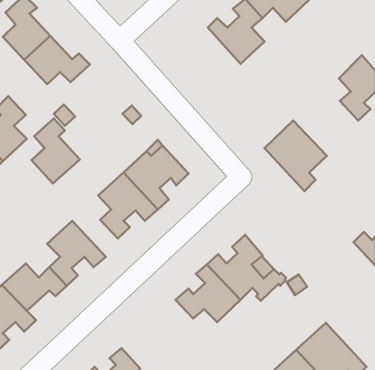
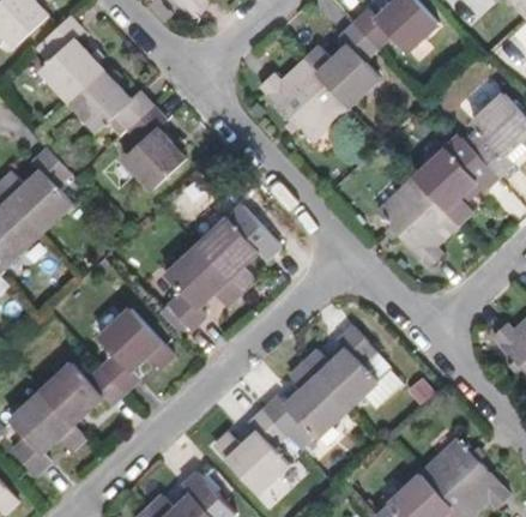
building: none -> [259,58,347,139]
building: none -> [416,149,500,223]
building: [31,118,80,184] -> [125,106,187,190]
building: none -> [216,409,290,492]

